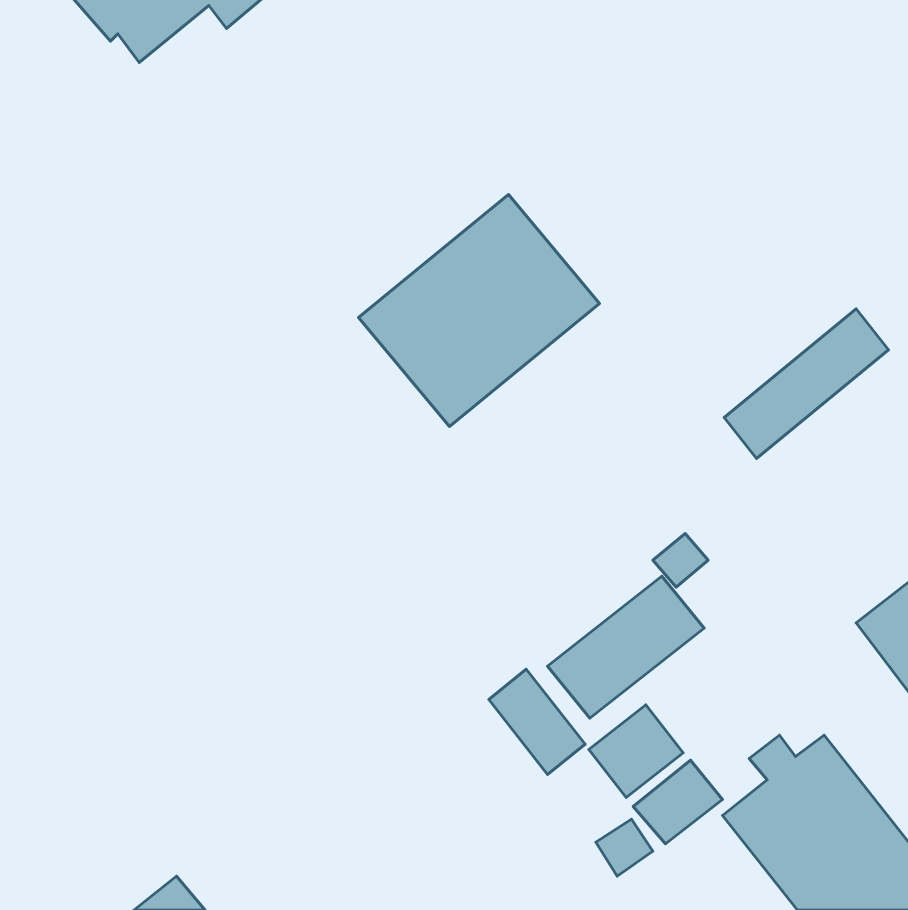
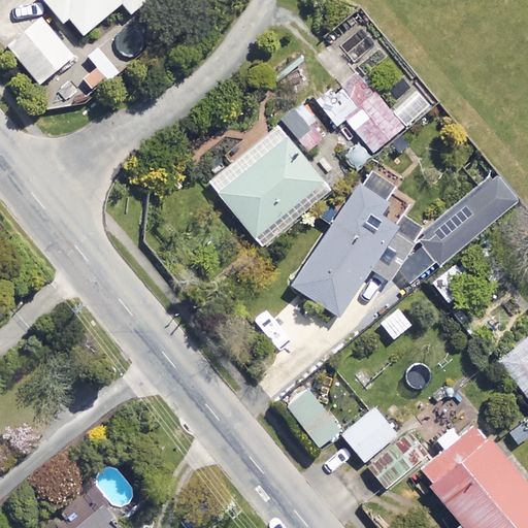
building: none -> [7,18,72,84]
building: none -> [324,75,431,152]
building: none -> [292,171,425,317]
building: [547,576,704,718] -> none

